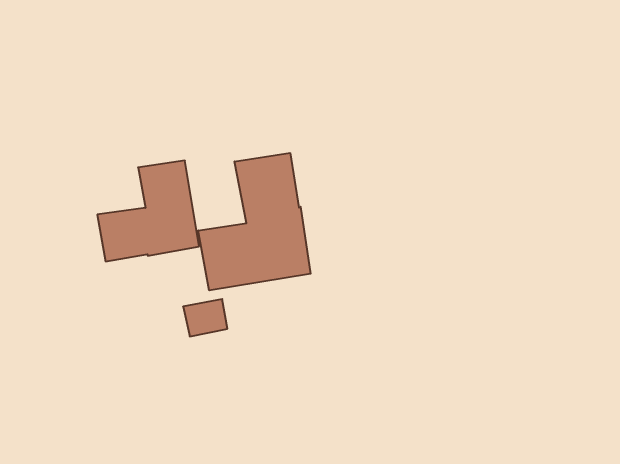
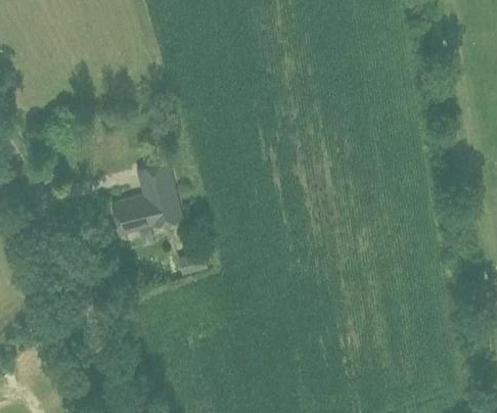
building: [198,153,311,290] -> none

